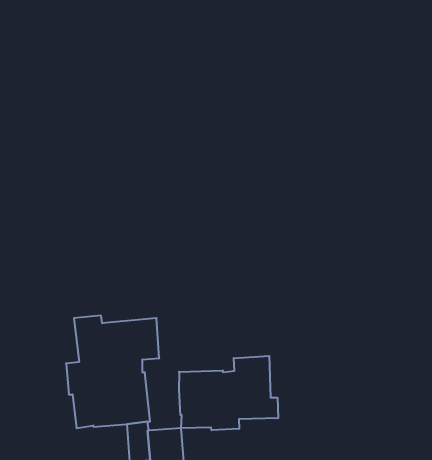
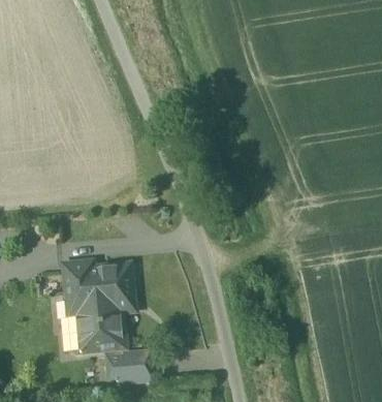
building: [179,356,278,430] -> none

